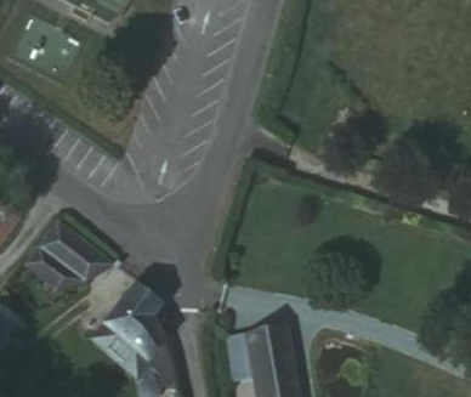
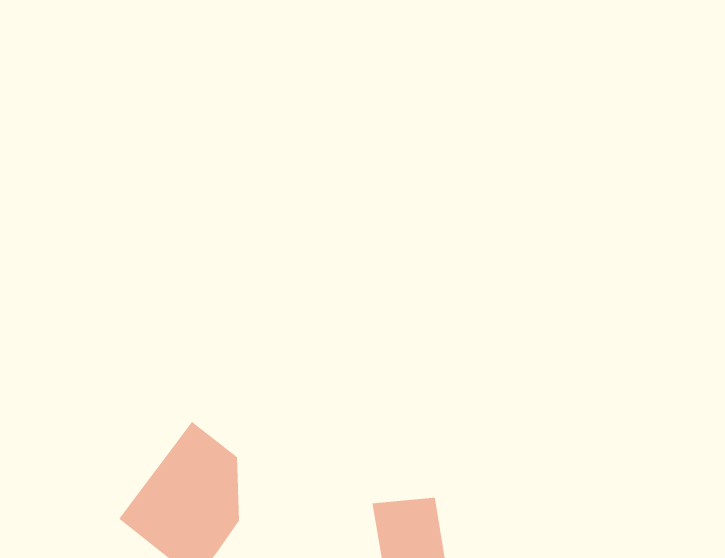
building: [25,222,110,291] -> none

